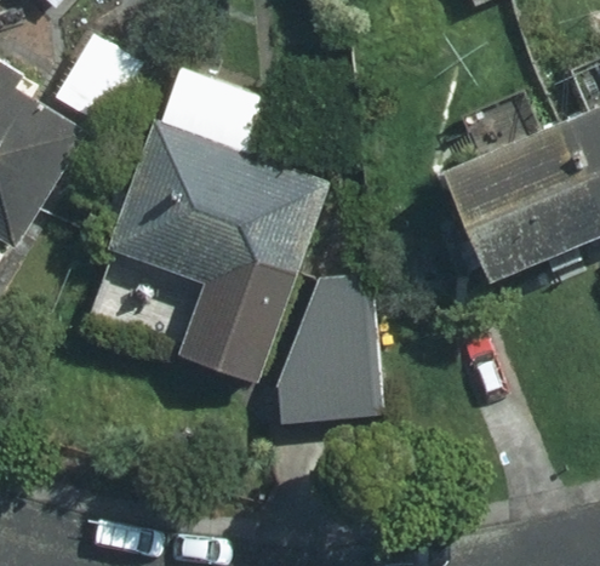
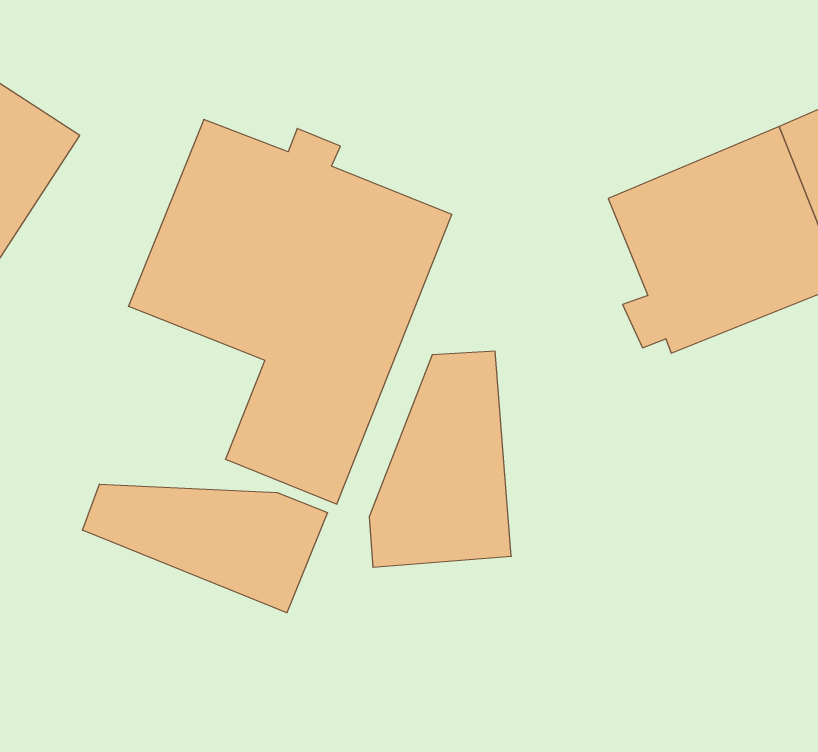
building: none -> [82,484,327,613]

